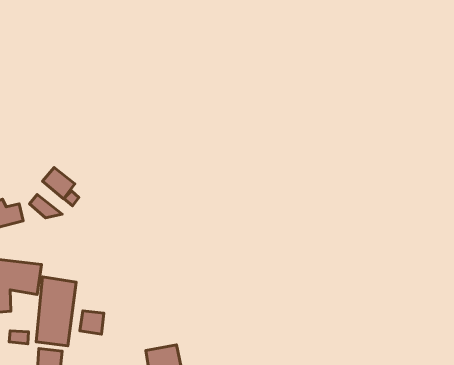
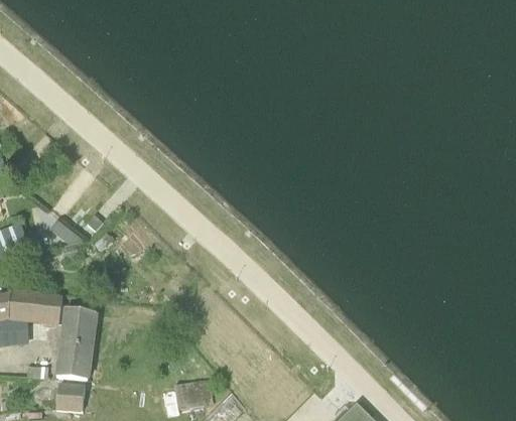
building: [43,168,75,199] -> none
building: [80,311,104,334] -> none

